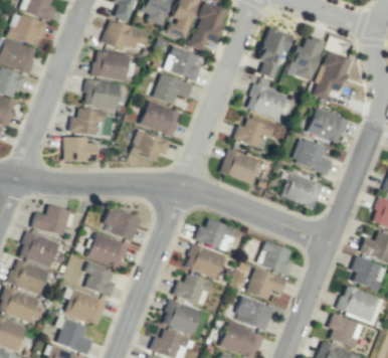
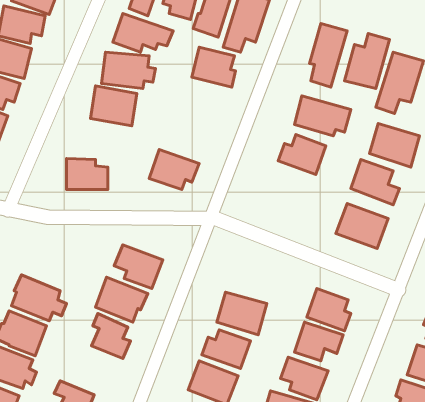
building: [154,74,192,105] -> none
building: [141,102,181,136] -> none
building: [70,110,106,134] -> none
building: [220,149,261,185] -> none
building: [32,204,75,236] -> none
building: [195,219,234,250] -> none
building: [65,289,108,326] -> none

